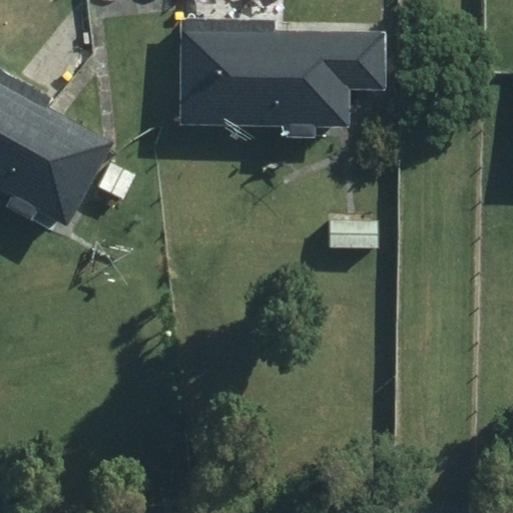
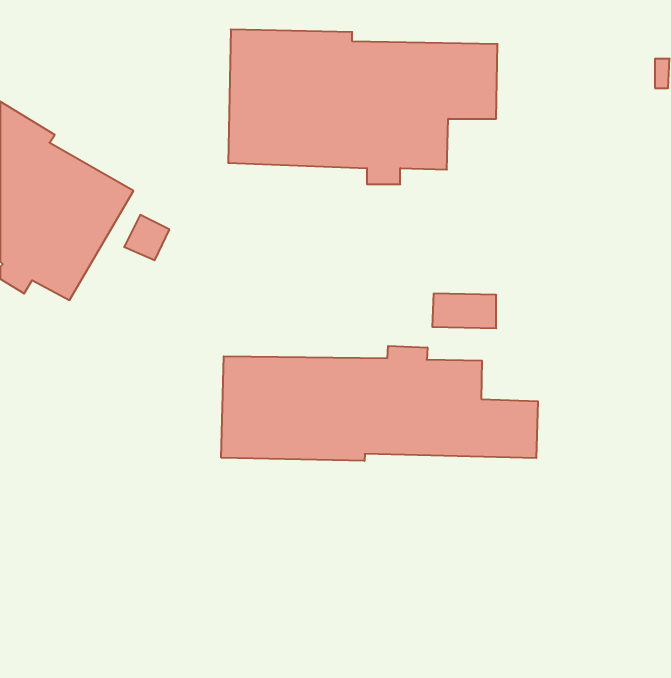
building: none -> [221,346,538,461]

